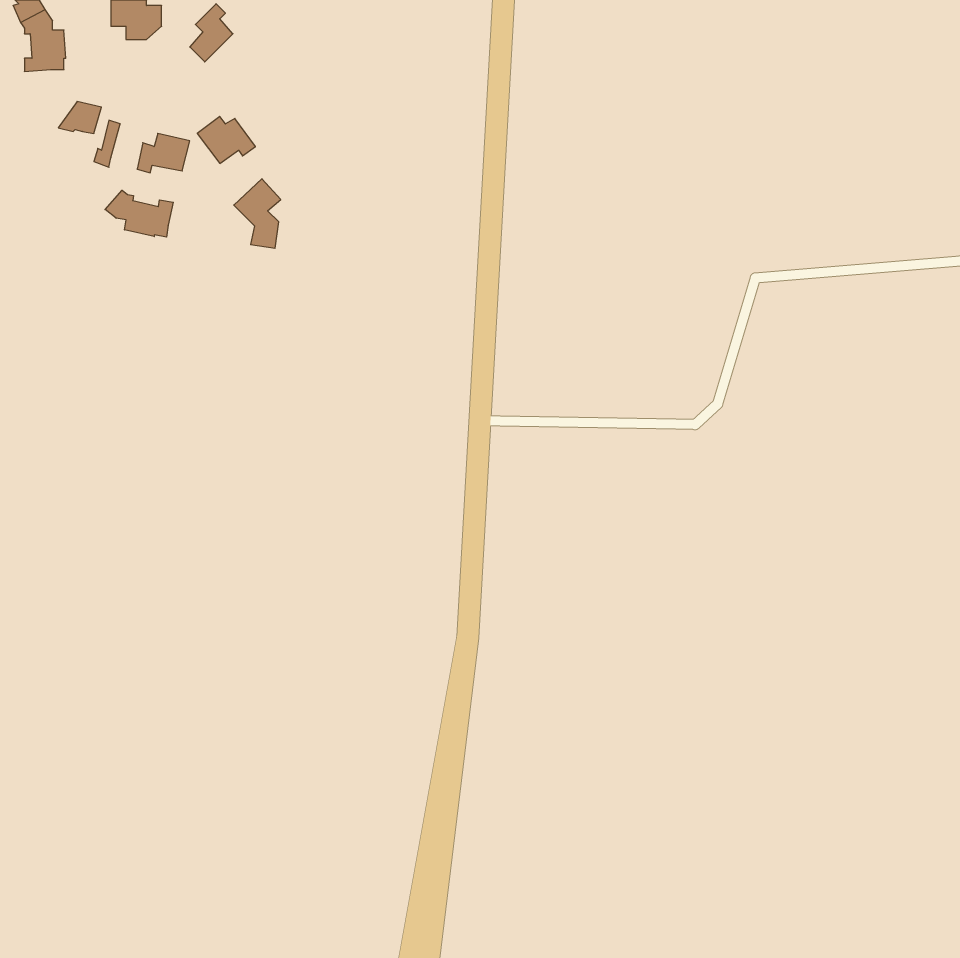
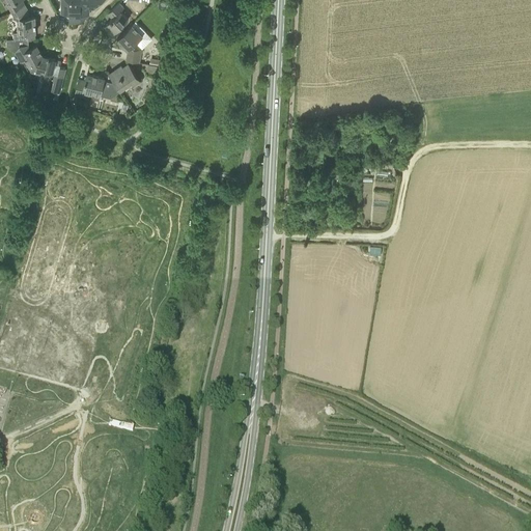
building: none -> [6,39,43,72]
building: [234,179,281,248] -> [117,25,143,63]
building: [105,190,173,237] -> none

